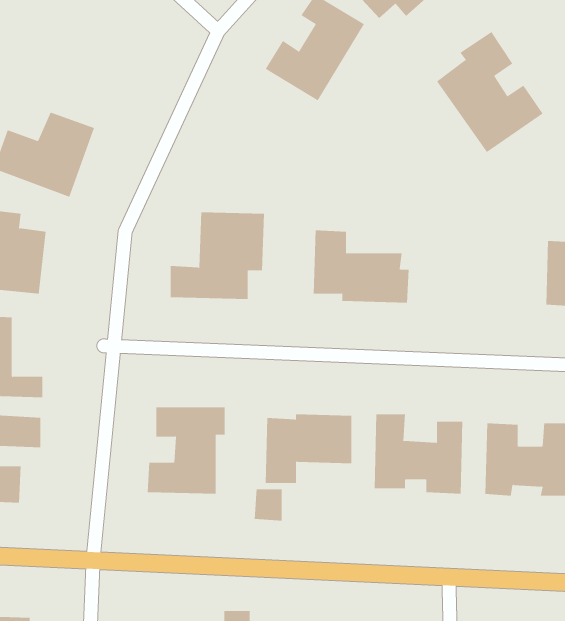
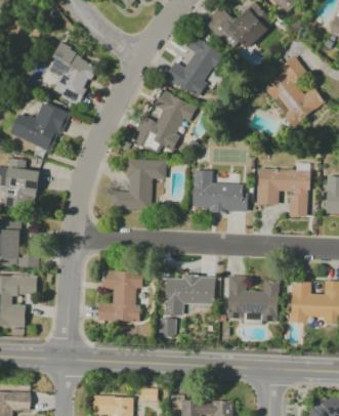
building: none -> [48,46,97,105]
building: none -> [131,90,197,151]
building: none -> [257,169,309,216]

